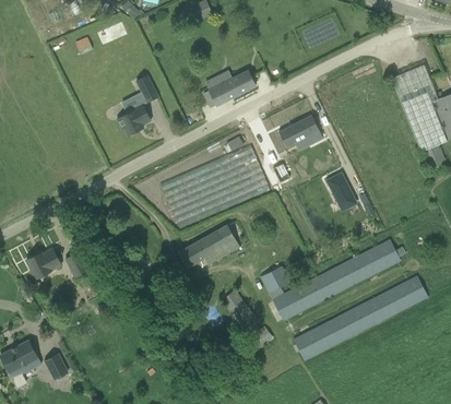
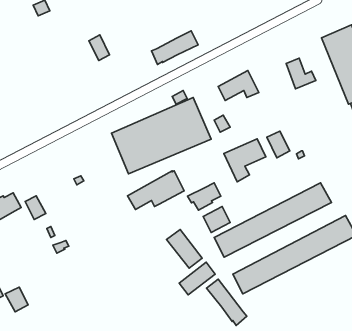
building: none -> [286,58,316,89]
building: [117,105,151,136] -> none
building: none -> [224,139,266,182]
building: none -> [188,183,221,210]
building: none -> [206,279,247,326]

